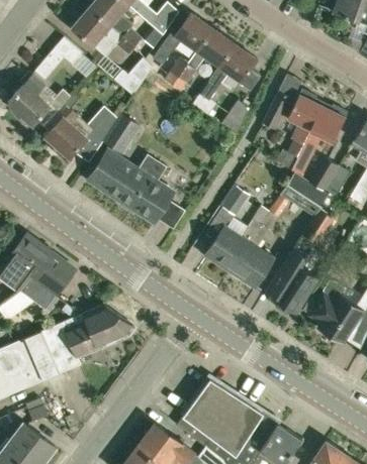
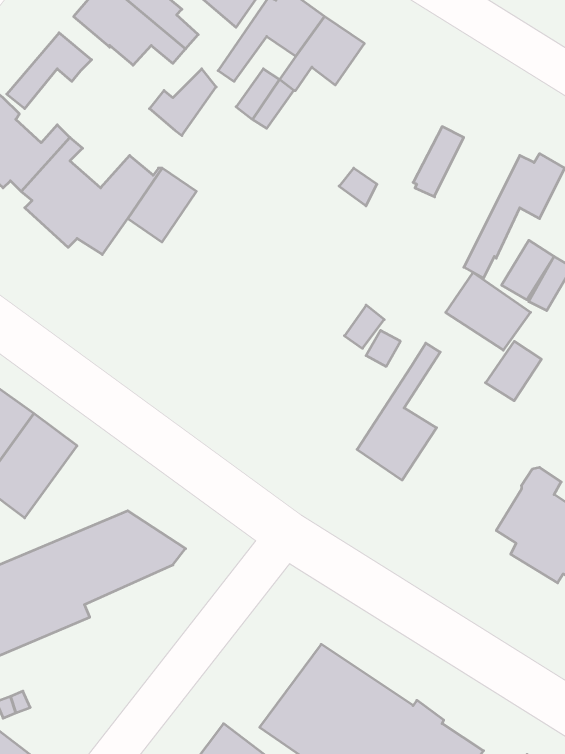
building: [191,43,260,116] -> none
building: [277,89,322,168] -> none
building: [89,150,173,224] -> none
building: [205,218,261,270] -> none
building: [267,249,317,315] -> none

